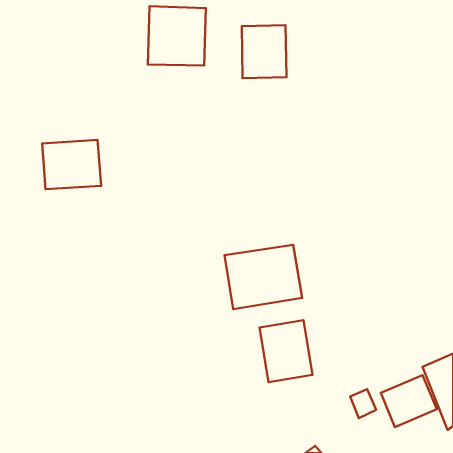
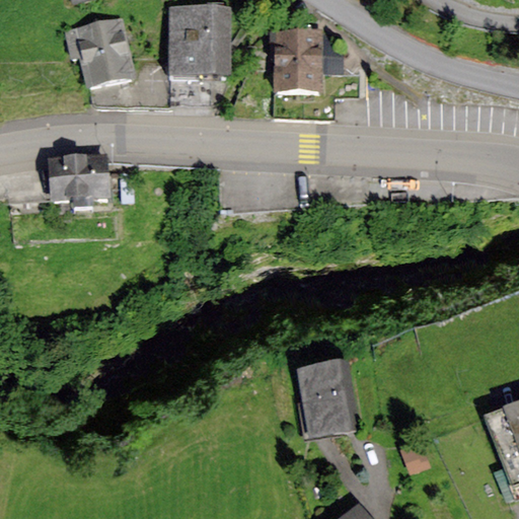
building: none -> [81,14,139,85]
building: [225,245,302,309] -> none
building: [381,375,437,427] -> none

